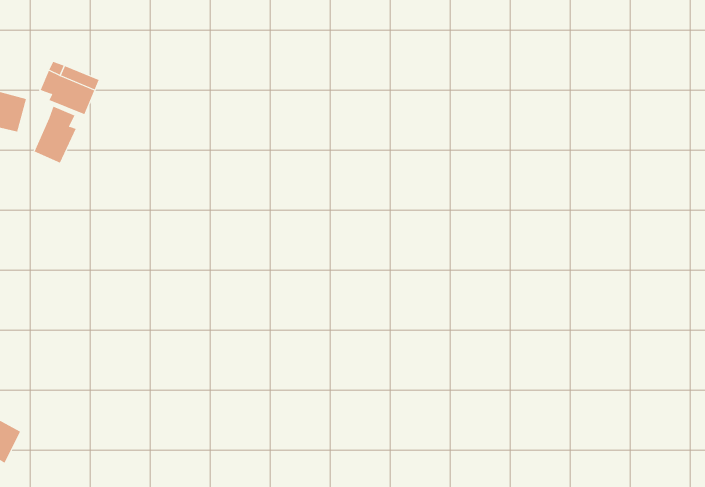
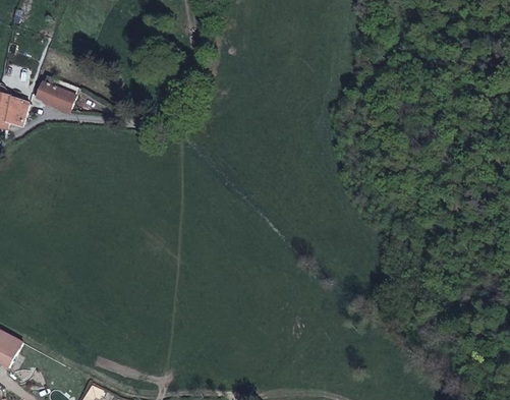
building: [34,106,76,164] -> none

